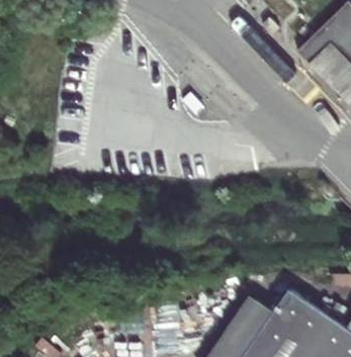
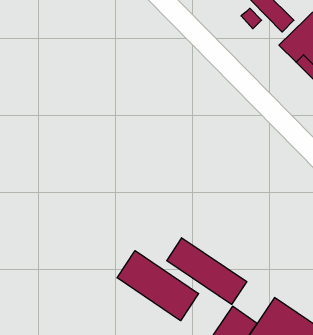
building: none -> [167,238,247,304]
building: none -> [117,251,199,321]

